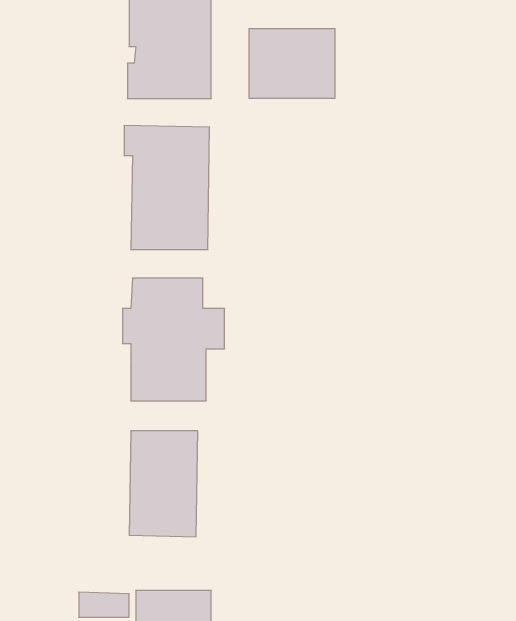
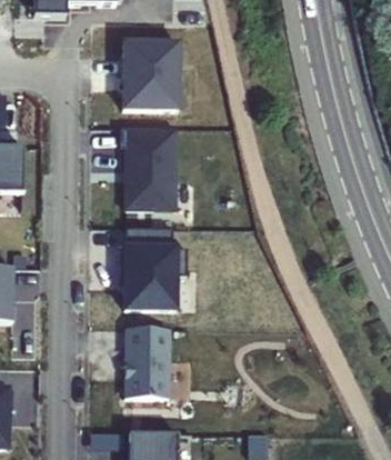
building: [249,28,335,98] -> none

